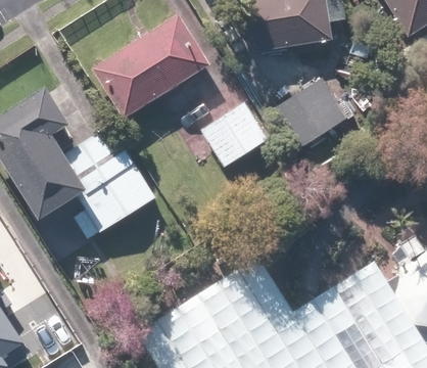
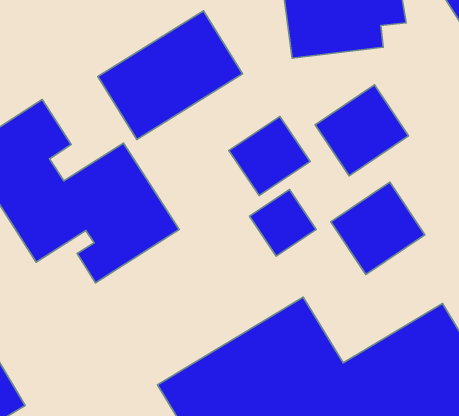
building: none -> [331,182,425,275]
building: none -> [250,189,316,256]

